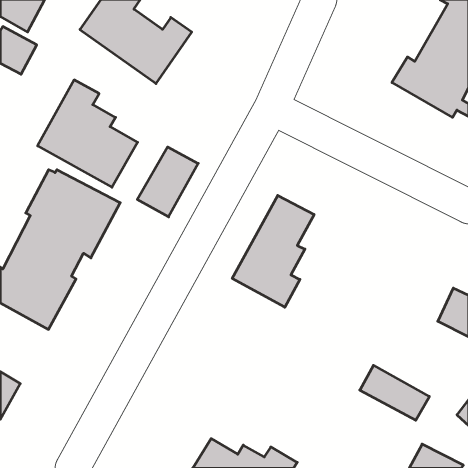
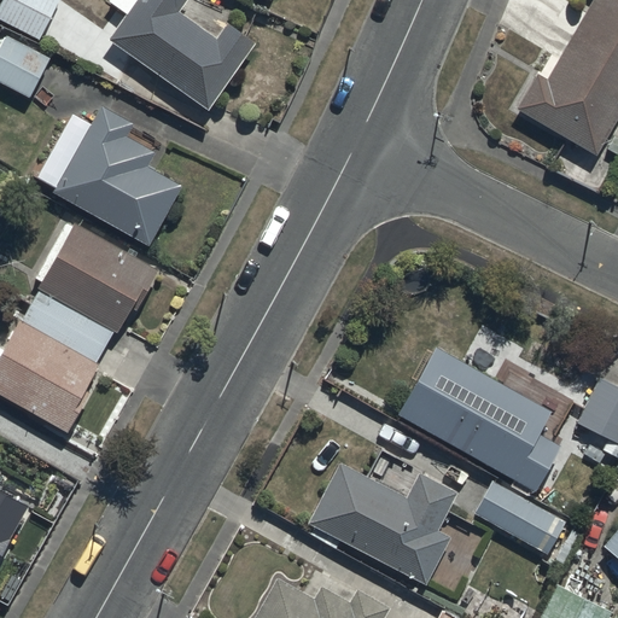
building: [137,147,198,217] -> none
building: [232,195,314,307] -> none
building: none -> [397,349,561,491]
building: none -> [308,464,457,585]

